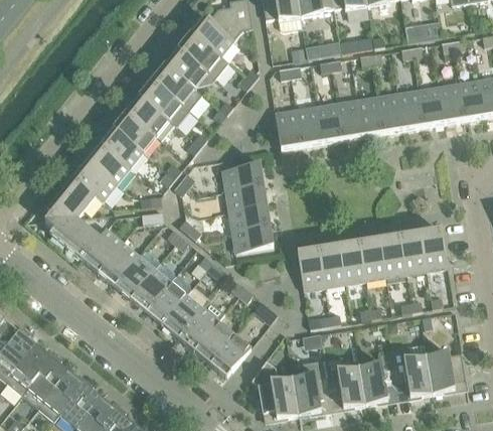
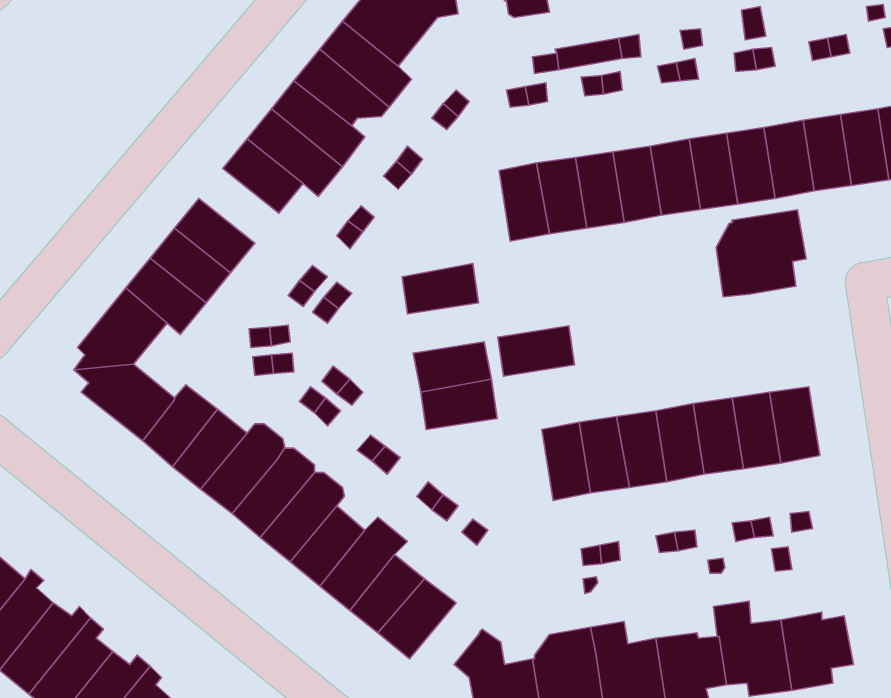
building: [113,112,156,152] -> none
building: none -> [716,210,806,297]
building: [225,184,267,211] -> [498,326,574,376]

